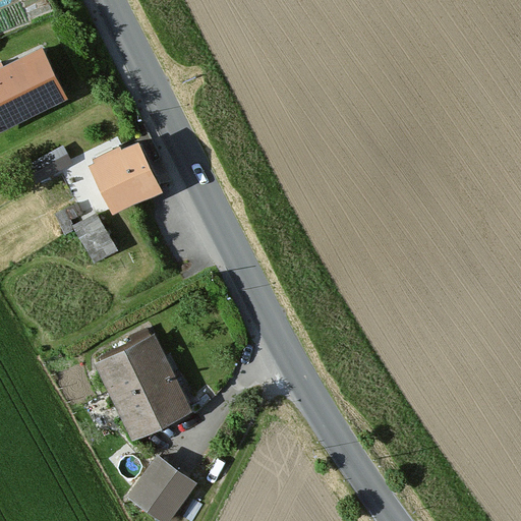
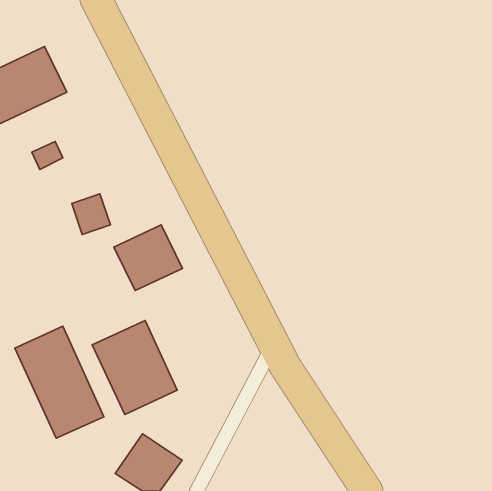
building: [94,144,166,214] -> [114,225,182,291]
building: none -> [15,326,104,438]

